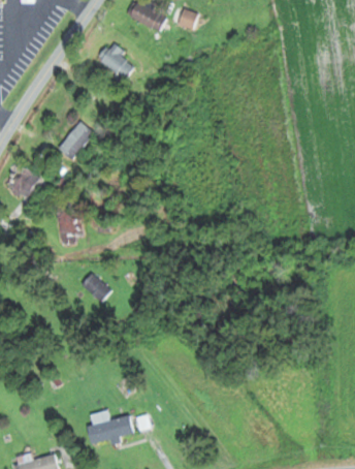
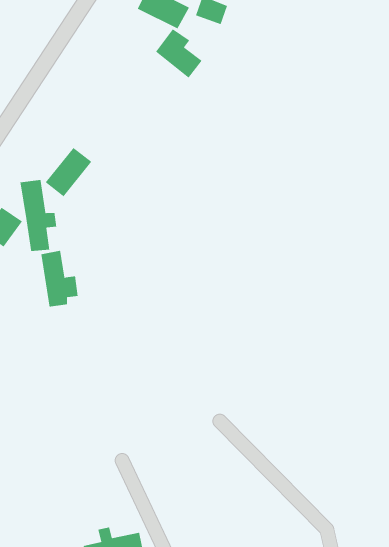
building: [97,42,133,81] -> [155,28,203,79]
building: none -> [20,179,57,252]
building: [79,272,110,302] -> none

